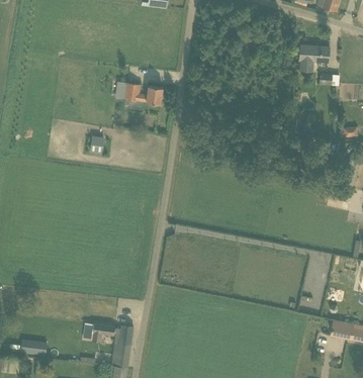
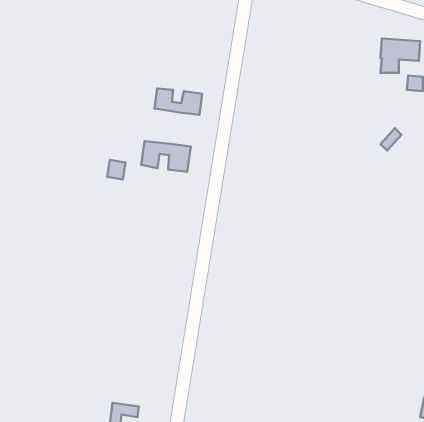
building: none -> [141,141,191,172]

